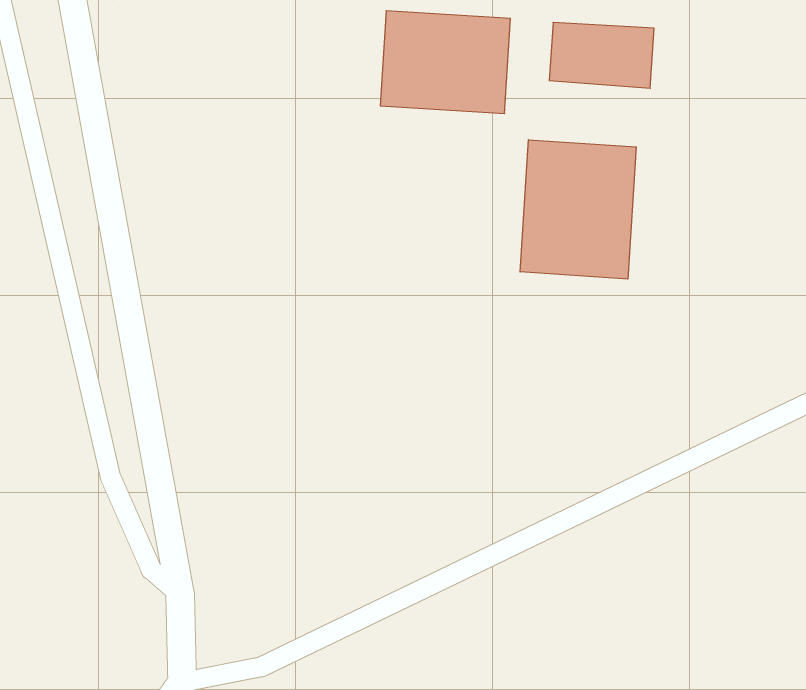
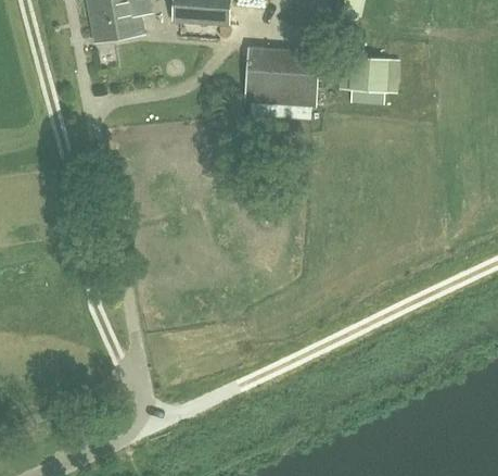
building: [520,140,636,279] -> none

